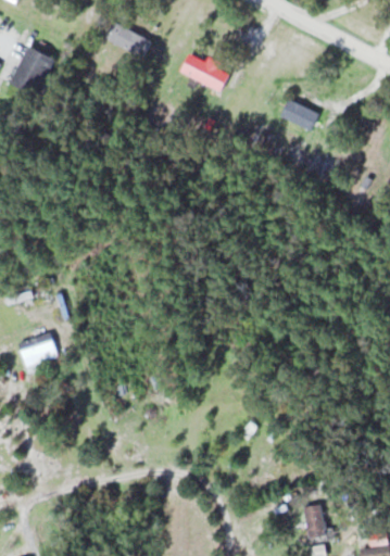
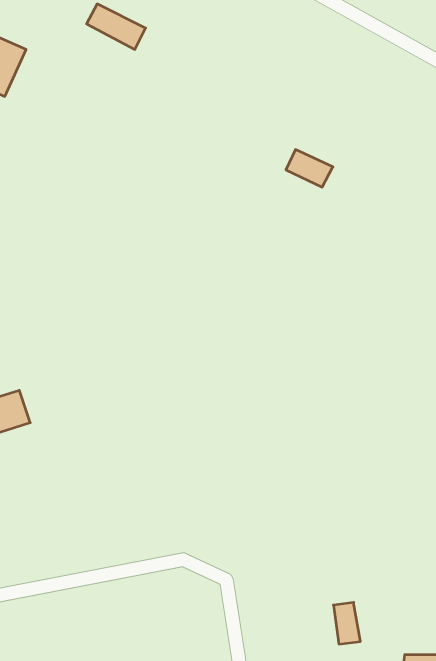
building: [180,48,230,91] -> none
building: [280,99,318,129] -> [286,150,333,187]

